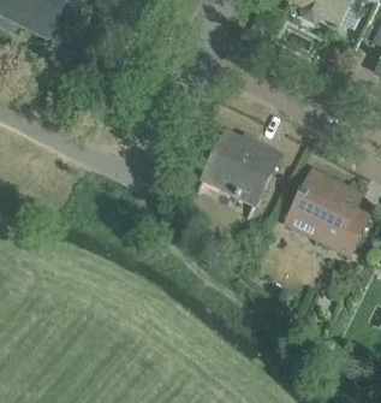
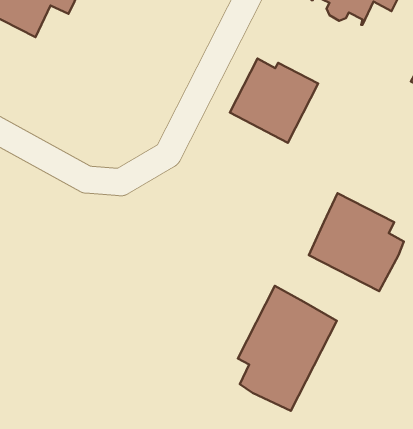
building: [201,131,278,205] -> [230,59,318,143]
building: none -> [238,286,337,411]

